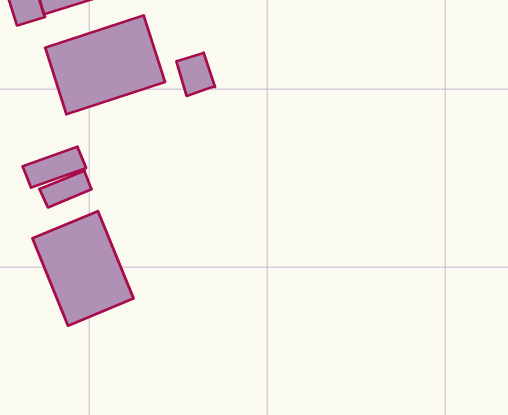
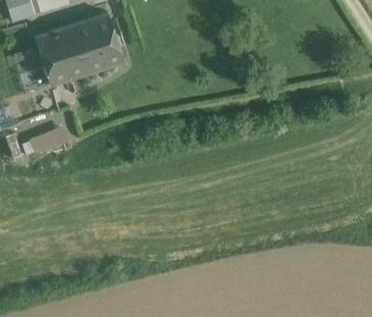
building: [177,53,215,96] -> none
building: [33,211,133,326] -> none

